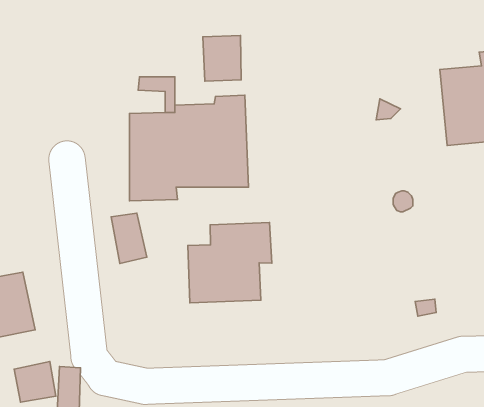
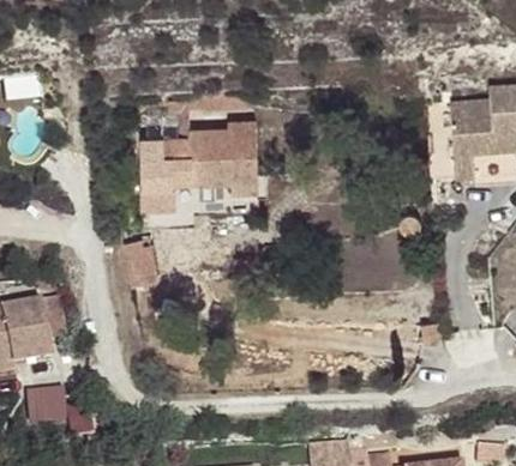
building: [203,35,241,81] -> none
building: [188,223,272,303] -> none

